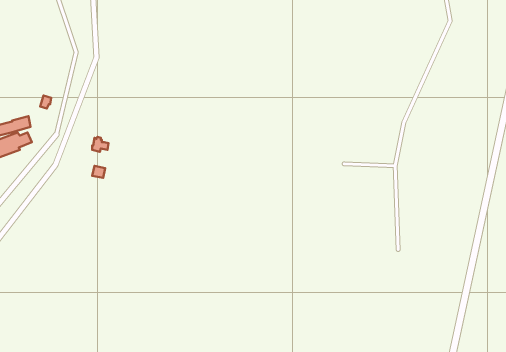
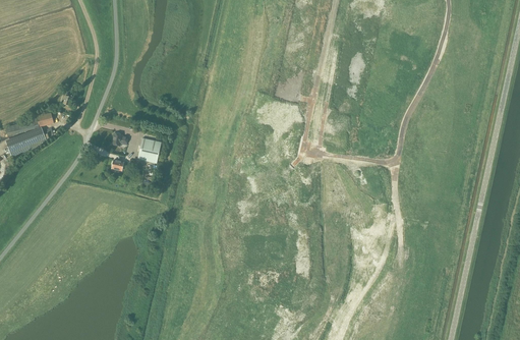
building: none -> [137,137,161,163]

